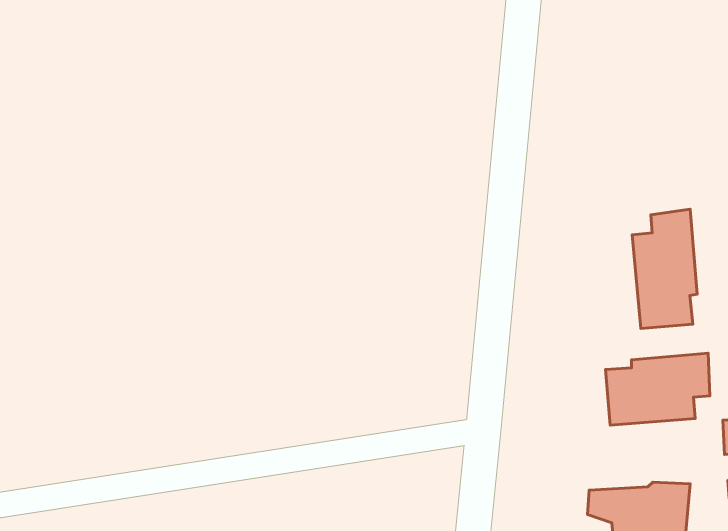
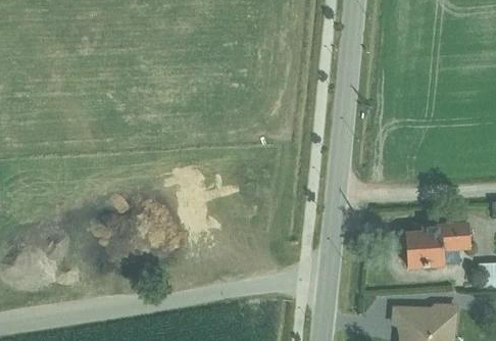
building: [632,209,697,329] -> none

